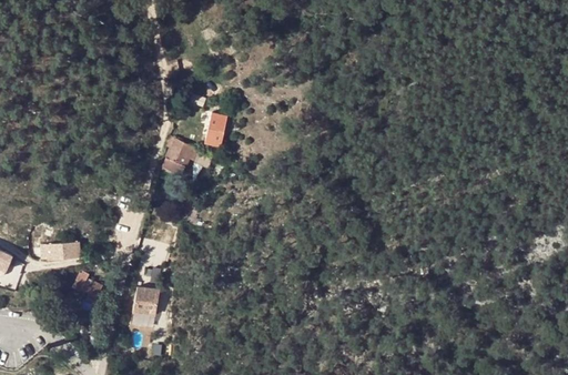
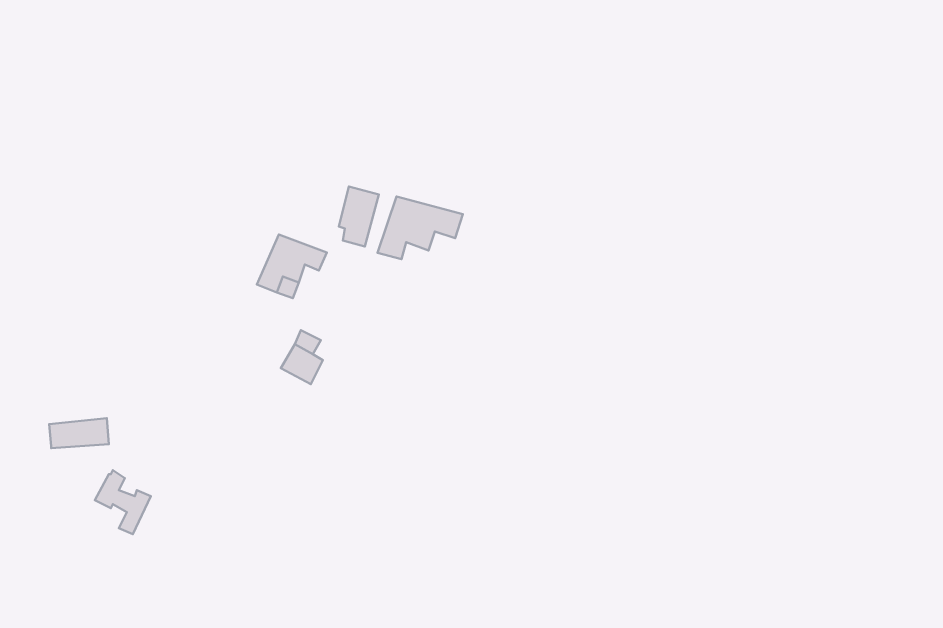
building: none -> [377,196,463,259]
building: [131,286,160,325] -> none

